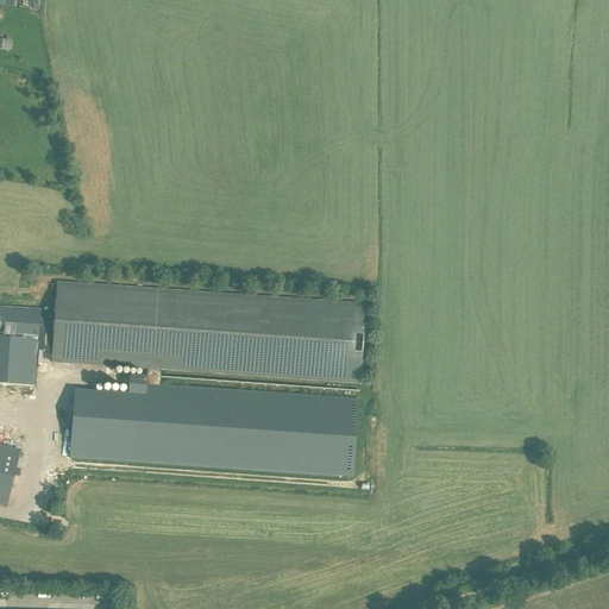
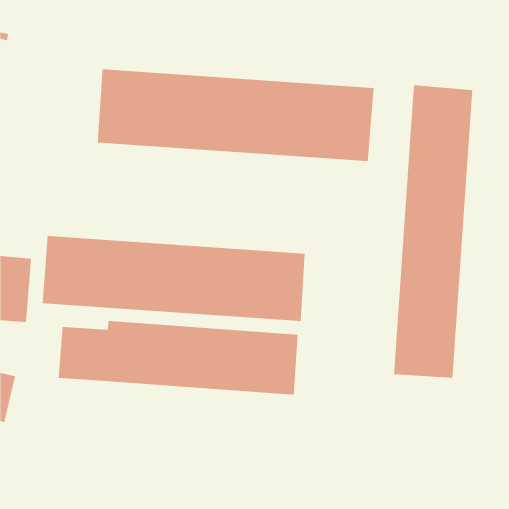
building: none -> [97,69,374,162]
building: none -> [394,85,473,379]

